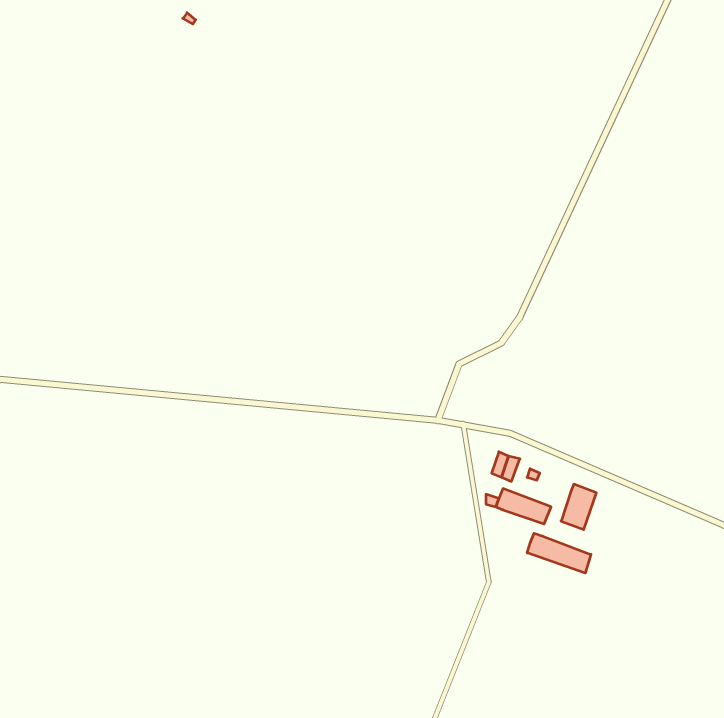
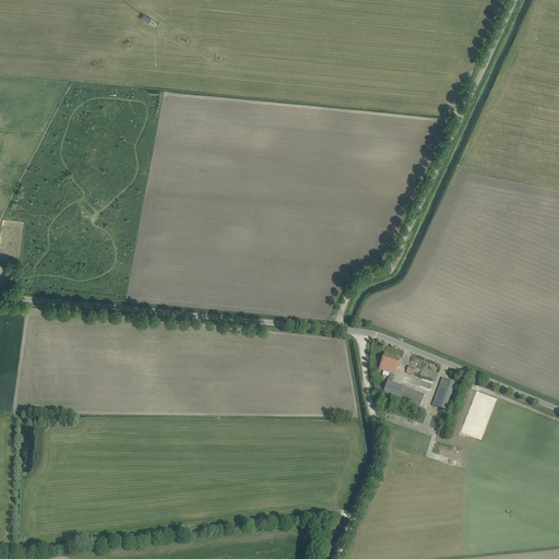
building: [527,533,591,573] -> none

